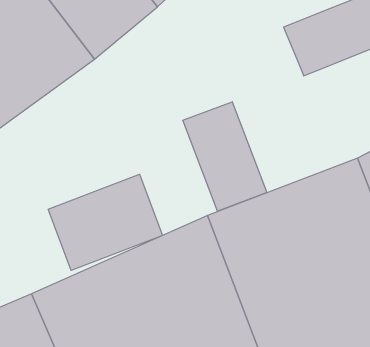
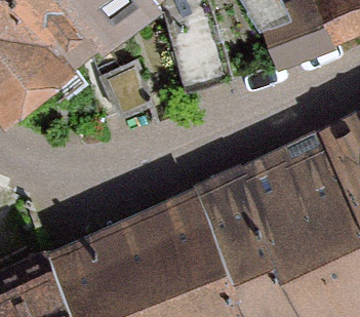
building: [183,102,267,211] -> none
building: [48,174,162,270] -> none

